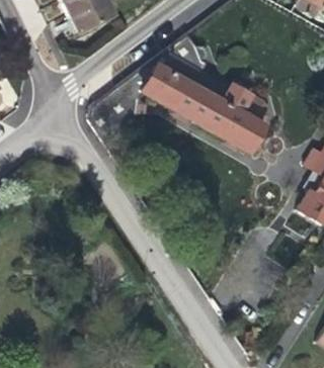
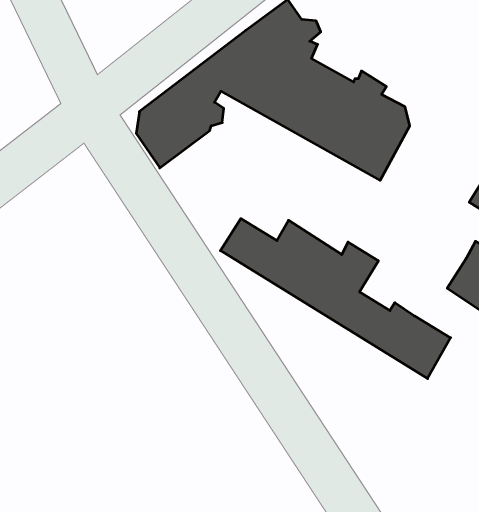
building: none -> [220,219,451,379]

